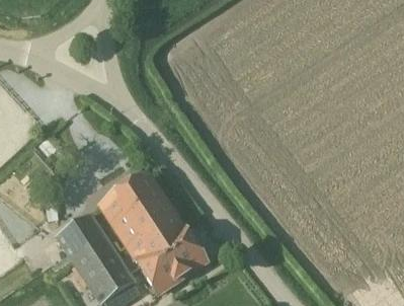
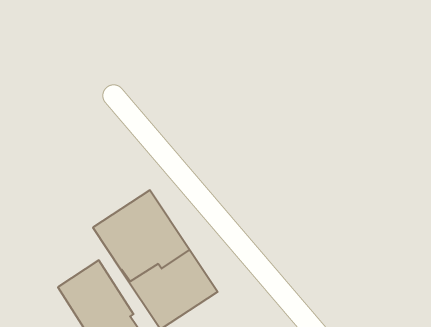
building: [53,210,103,255] -> none

